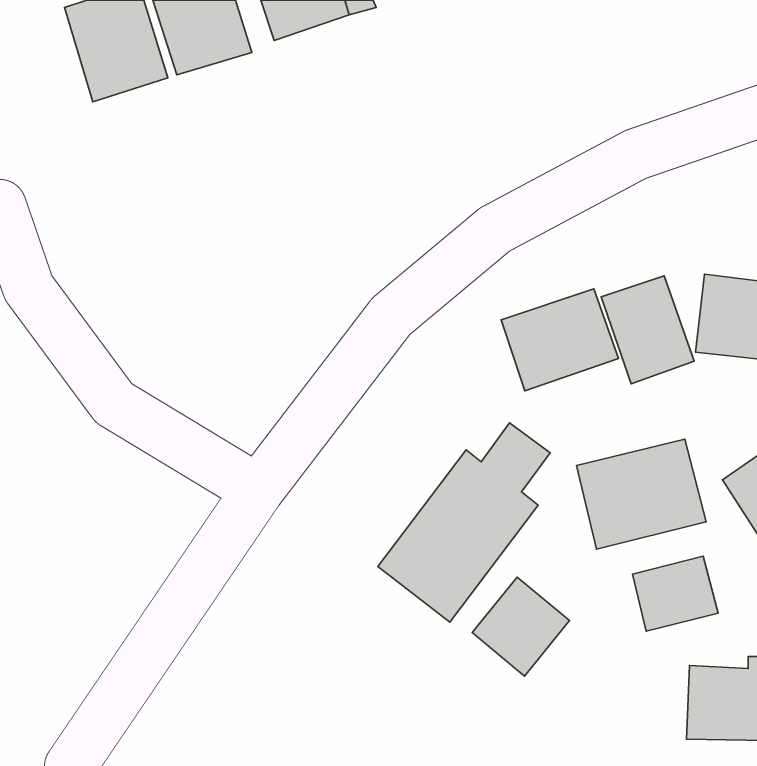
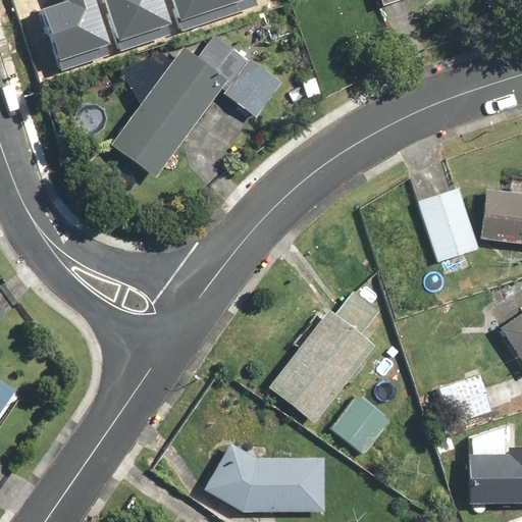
building: none -> [109,35,280,177]
building: [501,289,619,391] -> none
building: [576,439,706,549] -> none
building: none -> [201,440,323,510]

